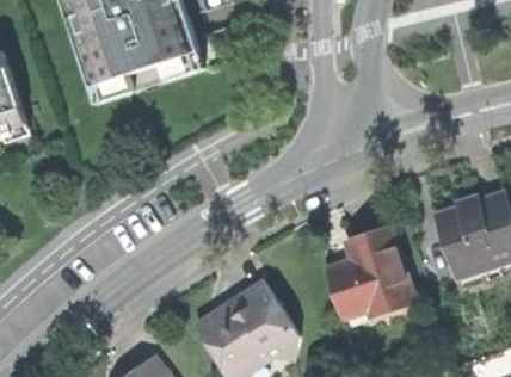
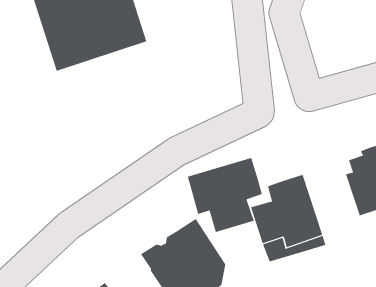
building: none -> [187,157,262,233]

